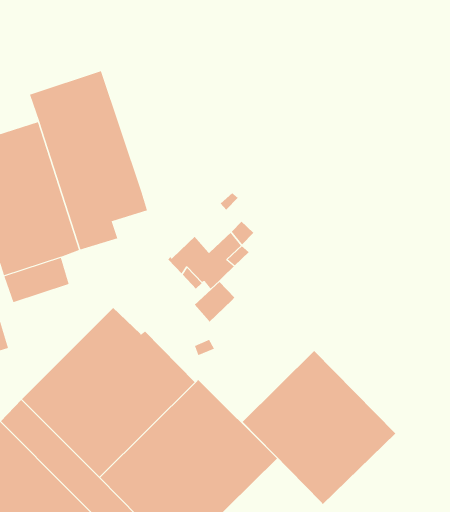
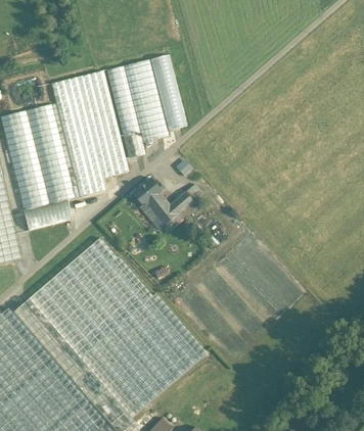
building: none -> [102,54,187,158]
building: [194,281,235,323] -> [132,178,162,206]
building: [242,350,396,505] -> none

